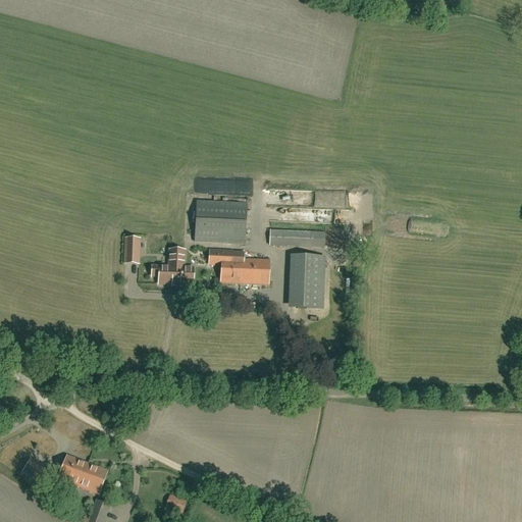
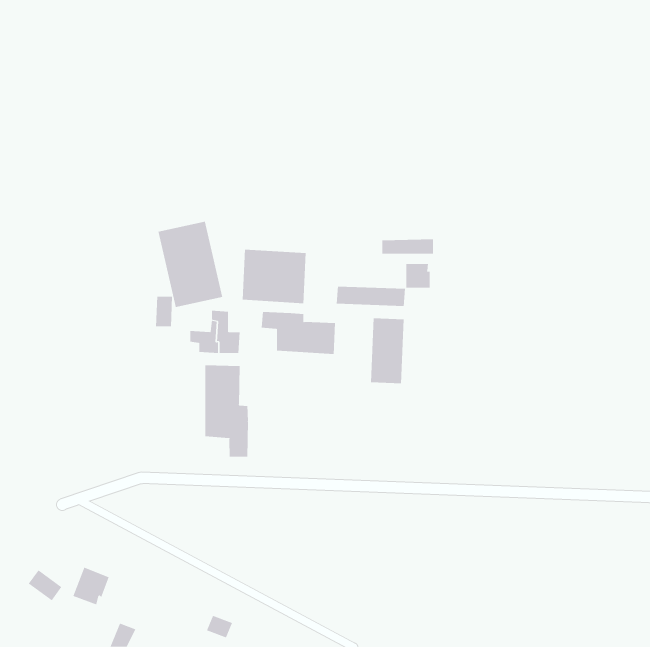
building: none -> [158,221,223,308]
building: none -> [406,263,430,289]
building: none -> [205,365,248,458]
building: [77,463,107,493] -> none

